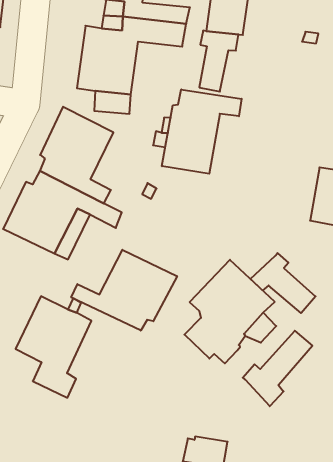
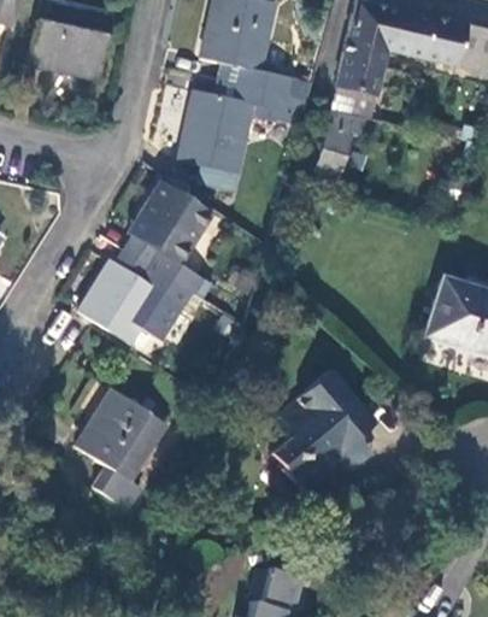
building: [162,89,242,174] -> none
building: [71,250,177,331] -> none
building: [250,253,316,313] -> none
building: [243,331,312,406] -> none

